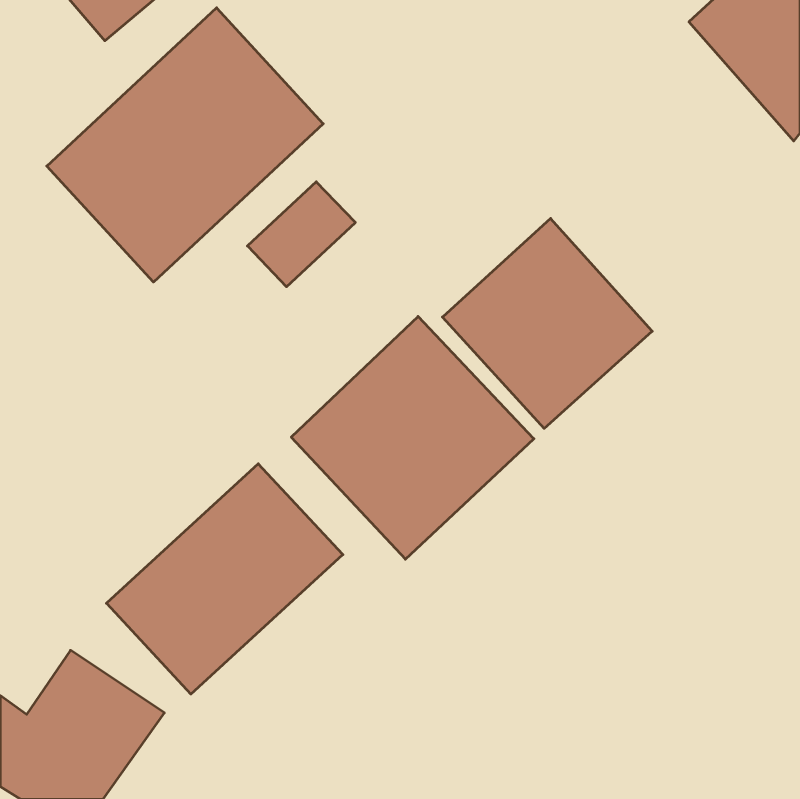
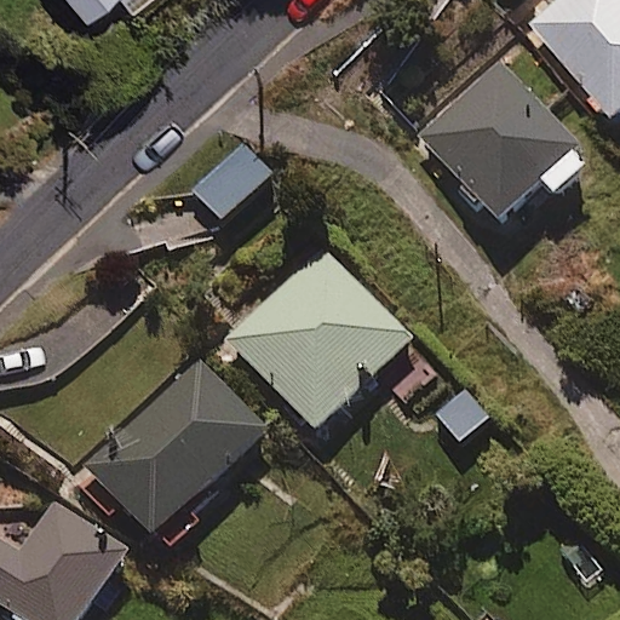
building: [47,8,323,282] -> none
building: [442,218,652,428] -> [418,57,580,219]

